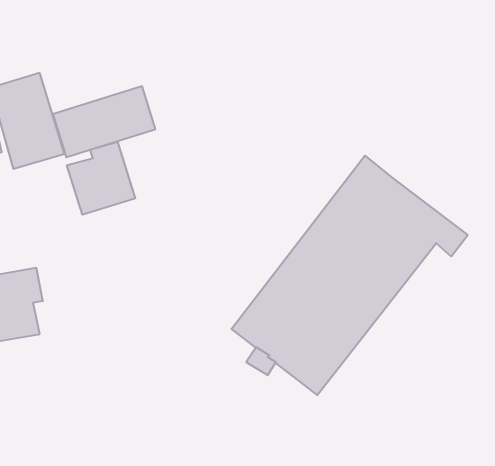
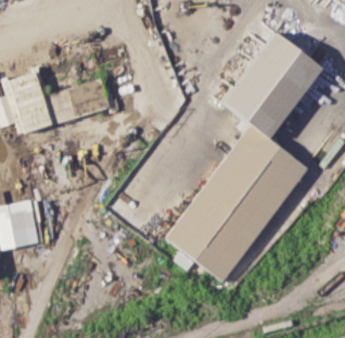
building: none -> [221,33,323,139]
building: [67,142,135,215] -> none

